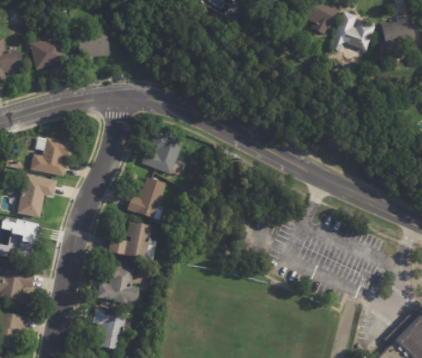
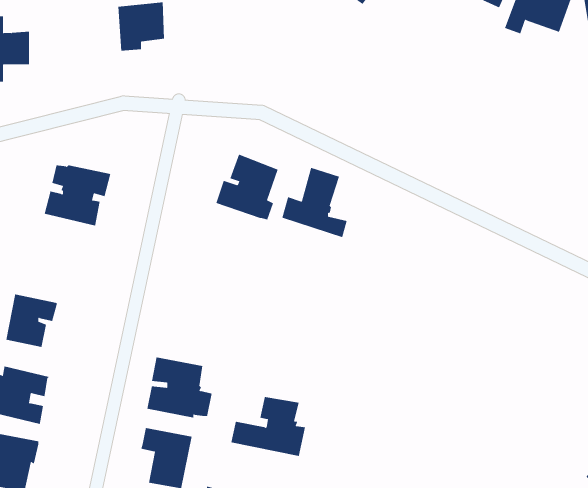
building: [31,37,68,69] -> none
building: [16,175,57,219] -> none
building: [128,175,171,221] -> [281,167,347,238]
building: [108,221,157,260] -> [230,396,306,456]

